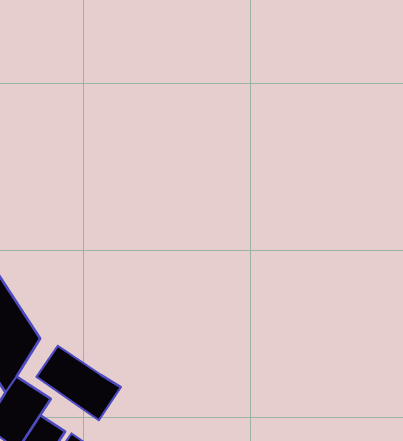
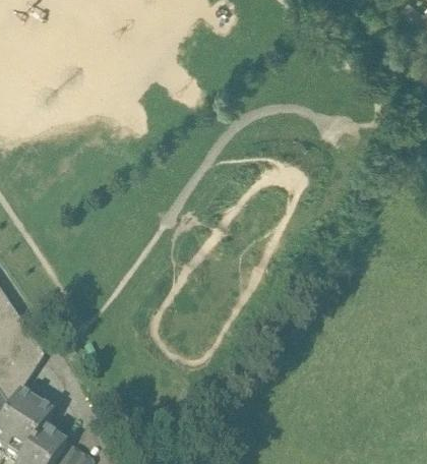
building: [37,346,121,420] -> none

